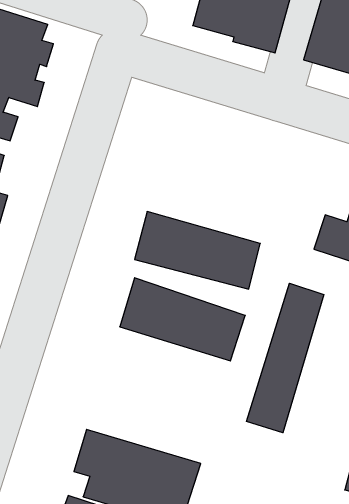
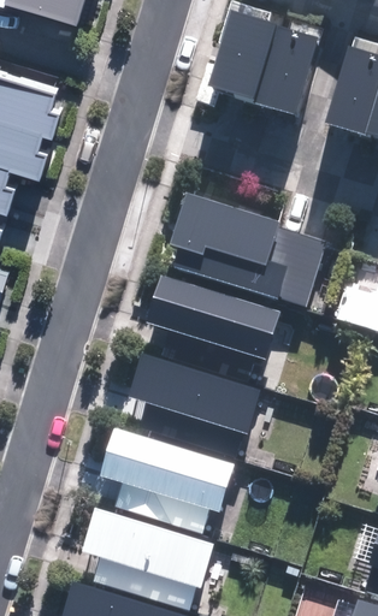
building: none -> [169,200,327,312]
building: [247,283,324,433] -> none
building: none -> [101,428,238,534]

